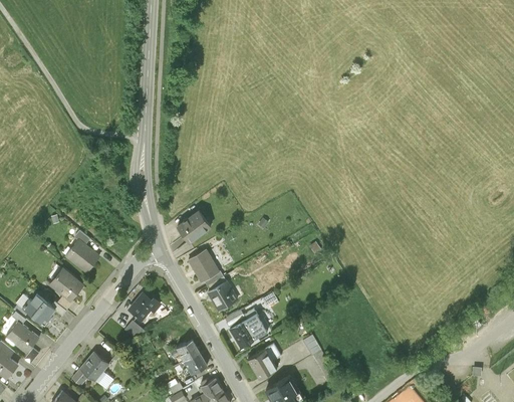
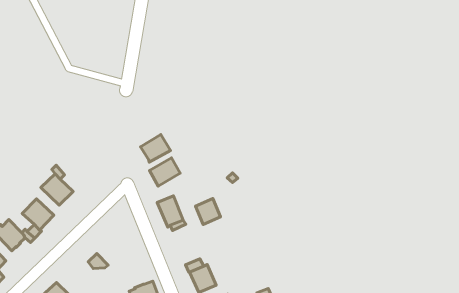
building: none -> [141,134,170,162]
building: [210,281,237,310] -> [196,199,220,224]
building: [130,292,163,322] -> none

